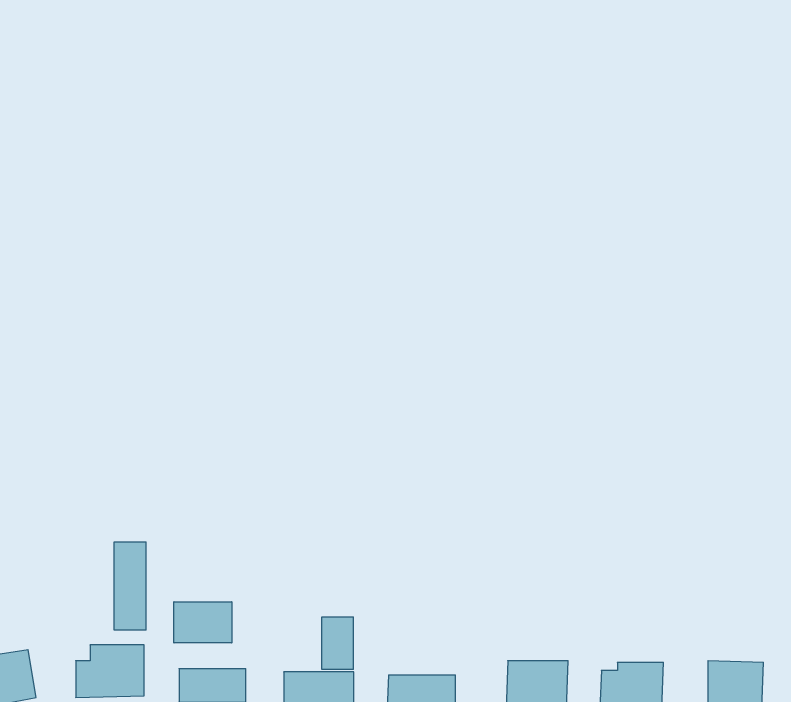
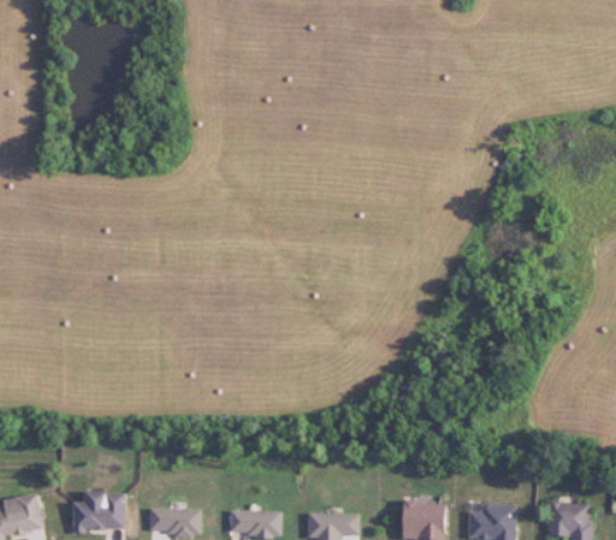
building: [114,542,146,630] -> none
building: [174,602,232,643] -> none
building: [322,617,353,669] -> none

